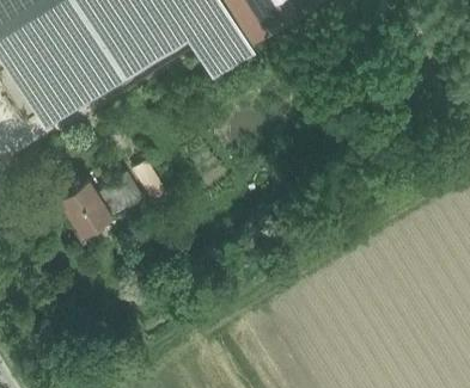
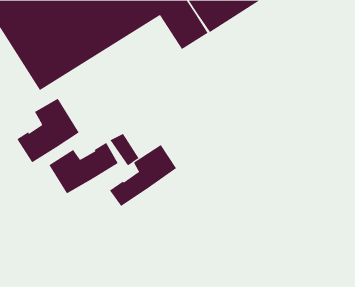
building: none -> [16,98,79,163]
building: none -> [109,144,177,207]

